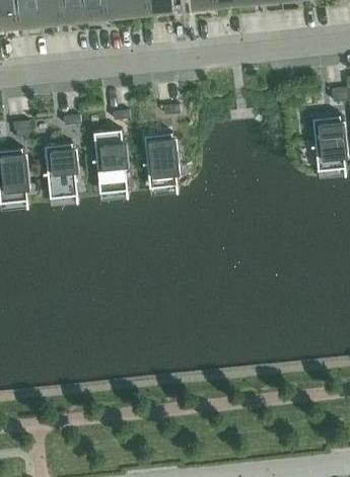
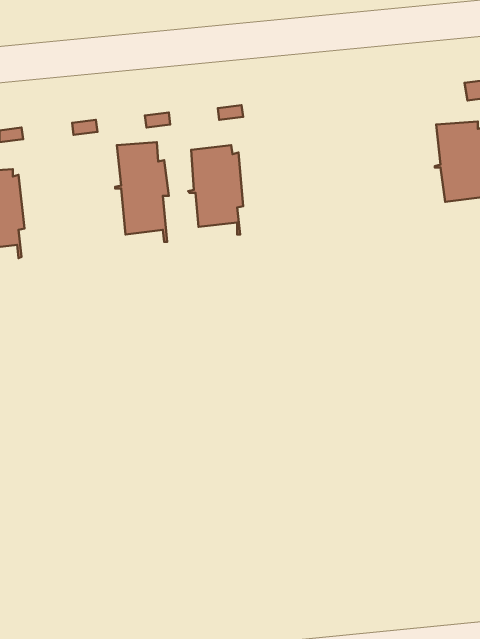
building: [43,143,79,203] -> none

